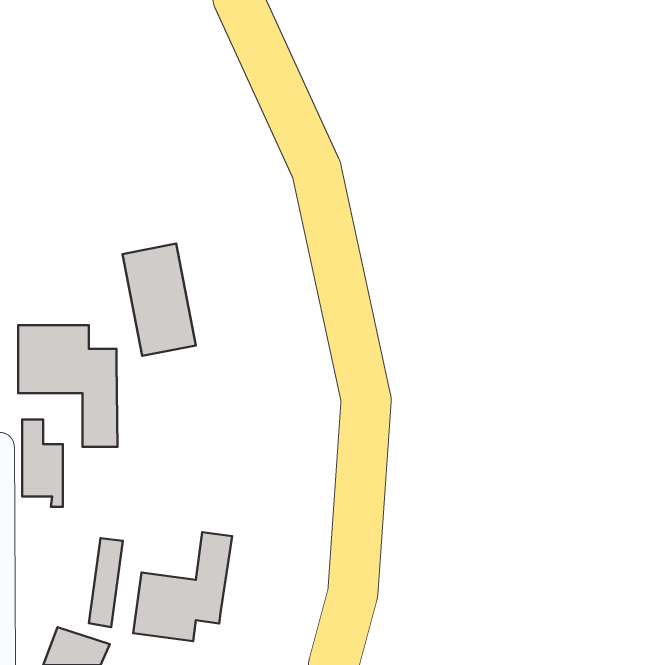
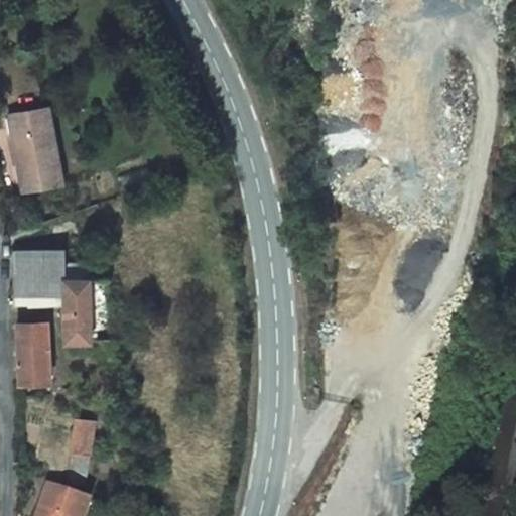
building: [123,244,196,356] -> [7,108,63,195]
building: [133,532,232,641] -> none

